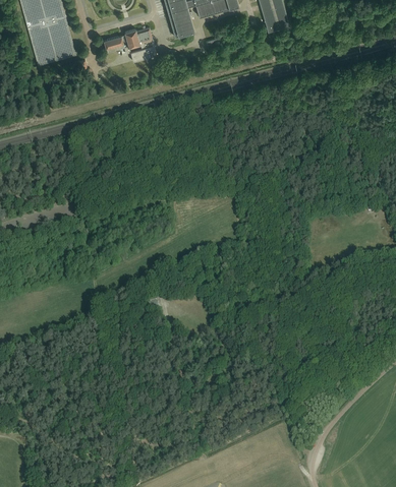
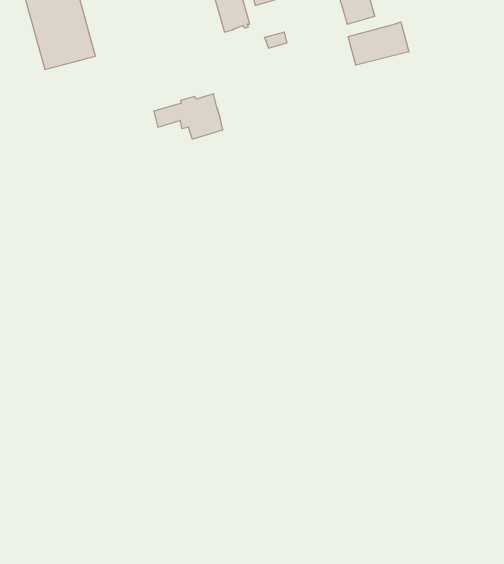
building: [104,28,157,63] -> [154,94,223,139]
building: none -> [348,22,409,65]

